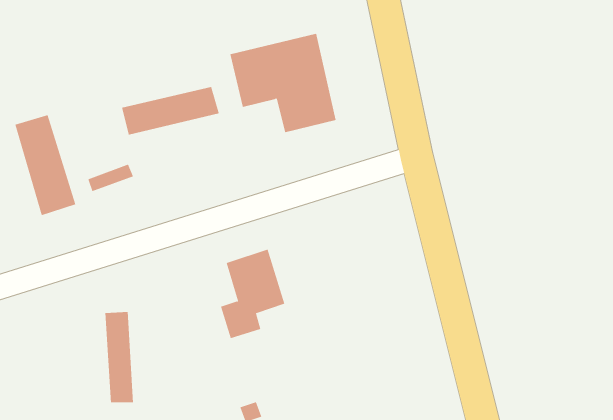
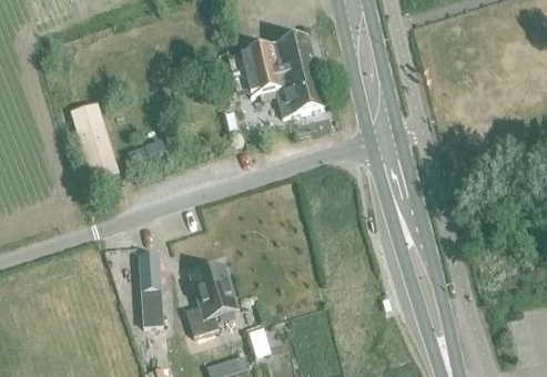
building: [122,86,220,135] -> none
building: [220,249,285,339] -> [185,265,236,336]

